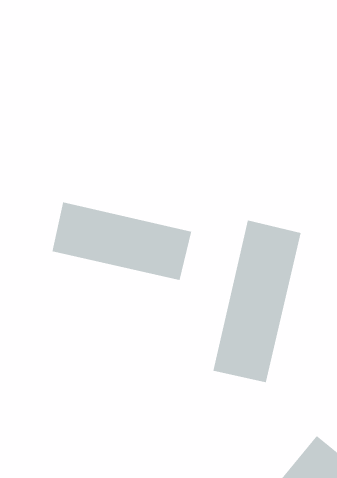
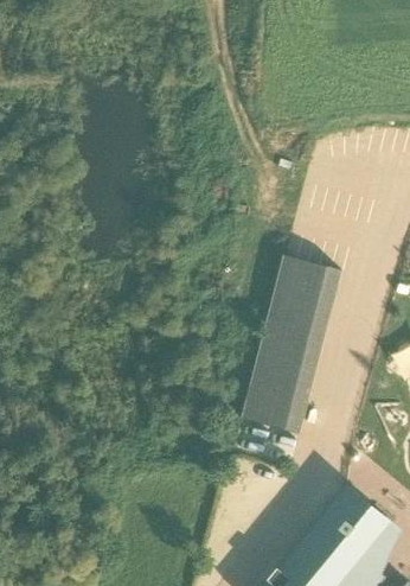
building: [52,201,192,281] -> none

